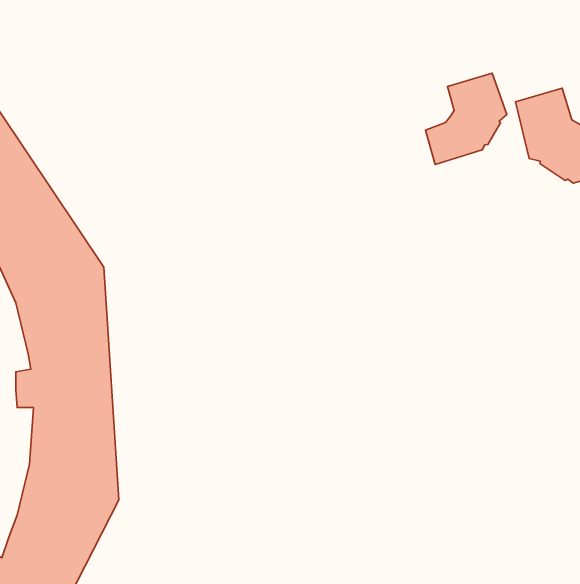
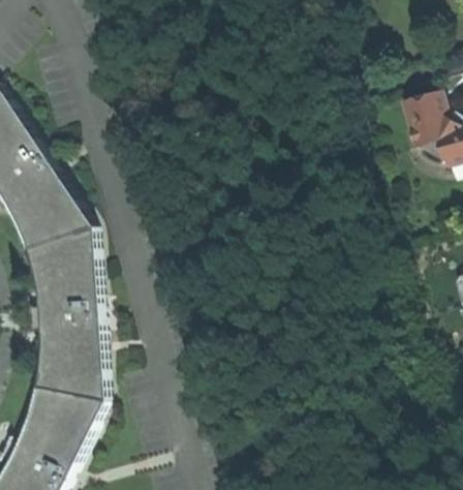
building: [426,73,507,164] -> none

